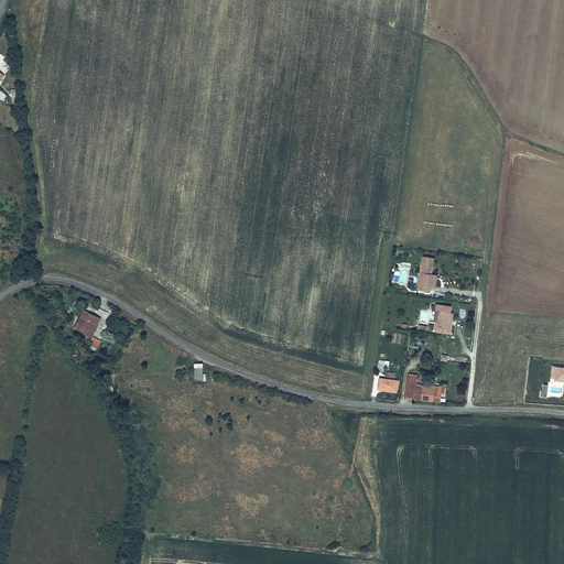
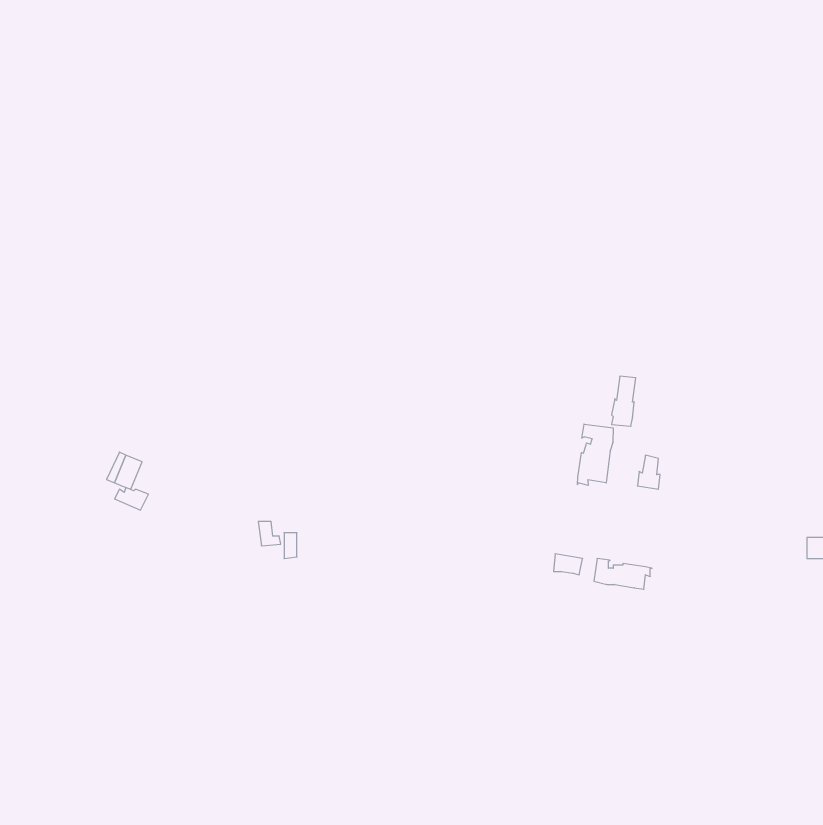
building: none -> [578,424,613,485]

